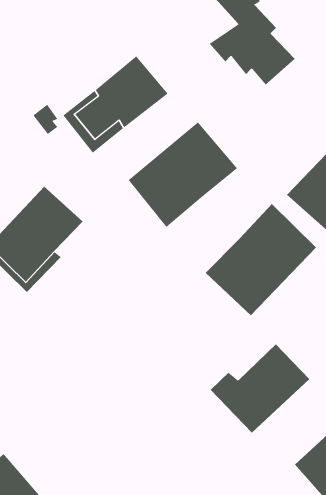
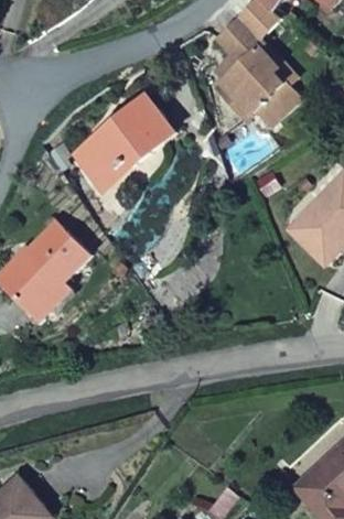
building: [128,122,238,228] -> none
building: [205,203,317,316] -> none
building: [210,344,310,433] -> none

